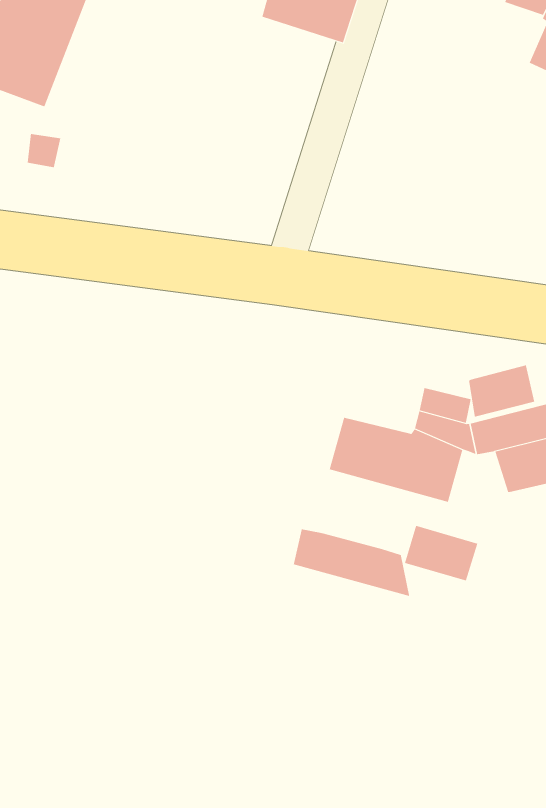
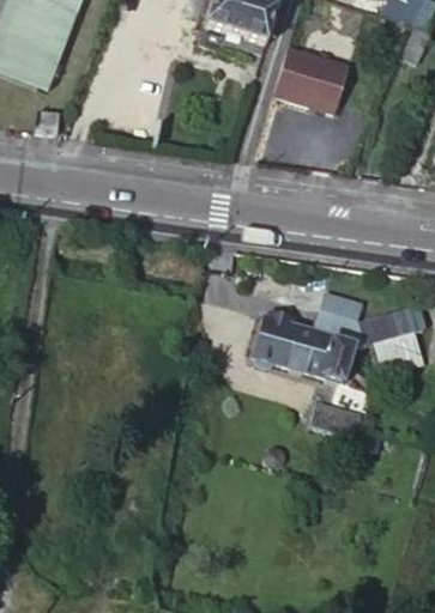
building: none -> [273,48,348,111]
building: [468,364,535,417] -> none
building: [293,529,410,597] -> none

